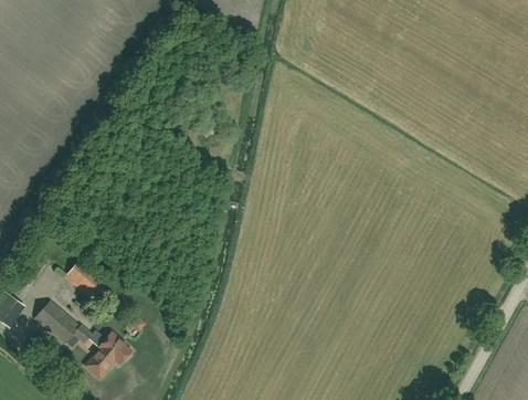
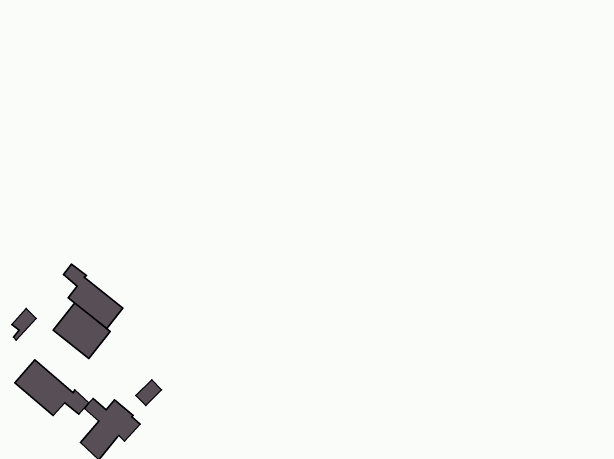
building: none -> [63,264,123,329]

